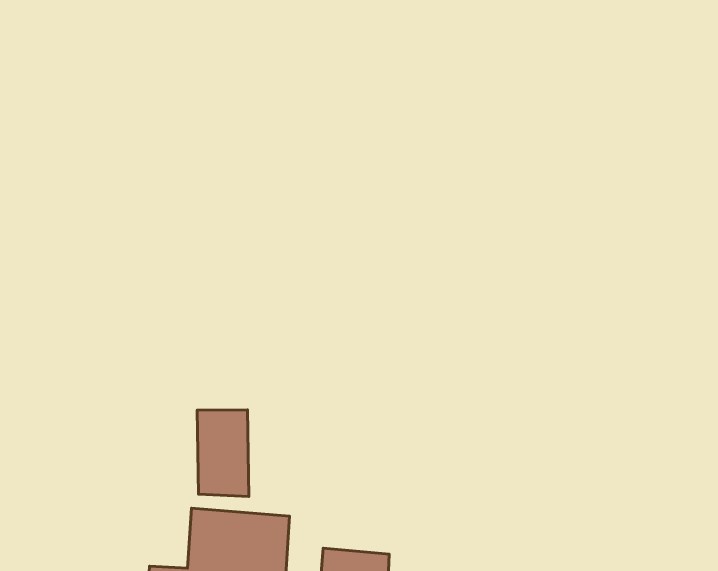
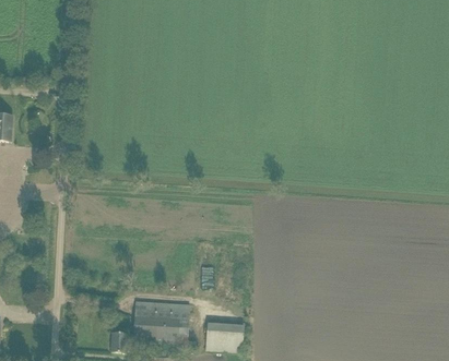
building: [197,410,249,496] -> none

